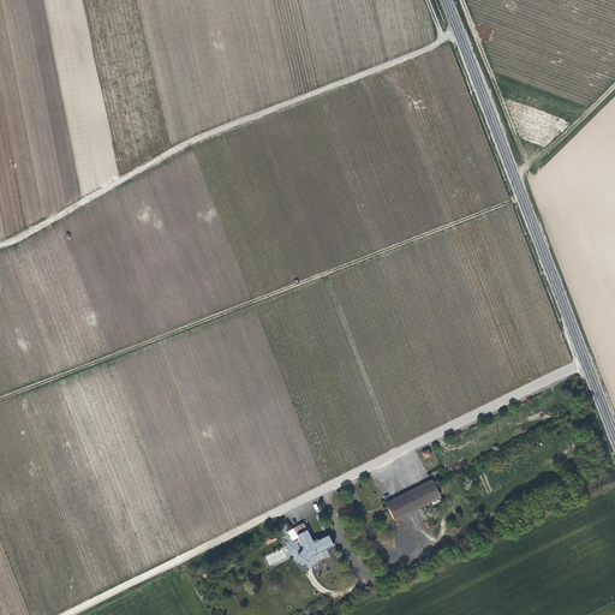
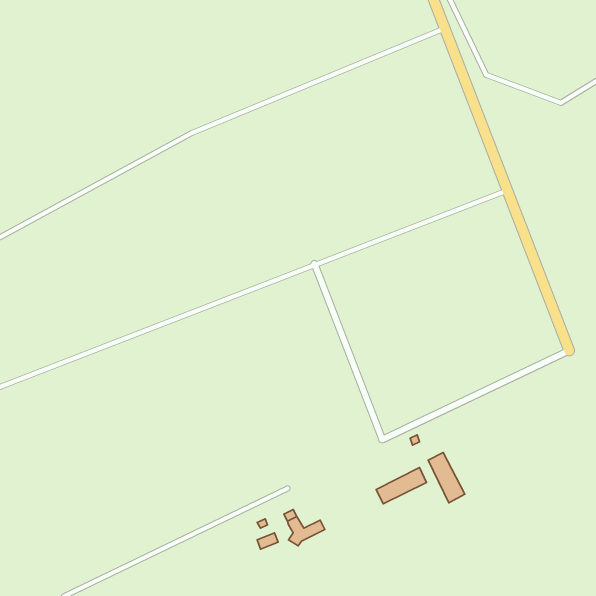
building: none -> [428,453,465,503]

